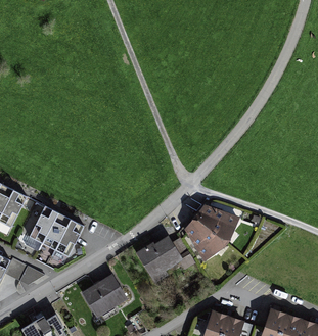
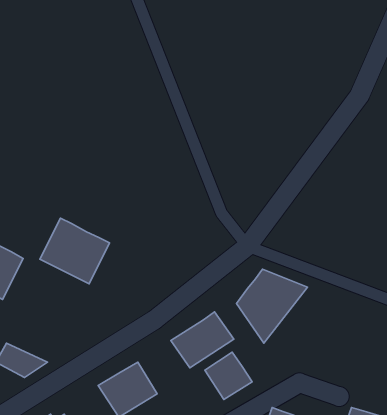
building: [30,209,82,258] -> [40,218,110,284]
building: none -> [205,352,252,399]

